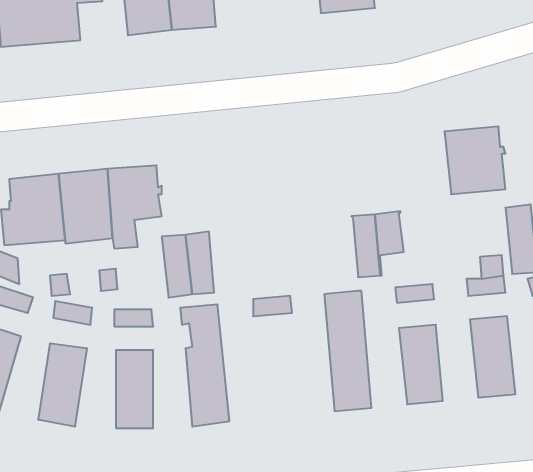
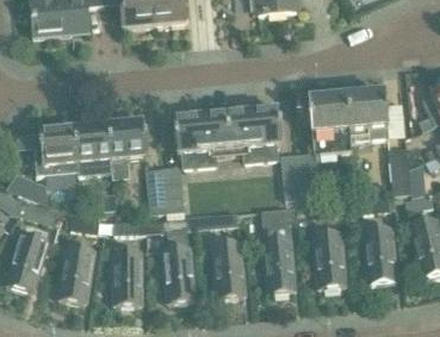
building: none -> [308,93,352,150]
building: none -> [174,104,281,163]
building: none -> [213,238,244,295]

